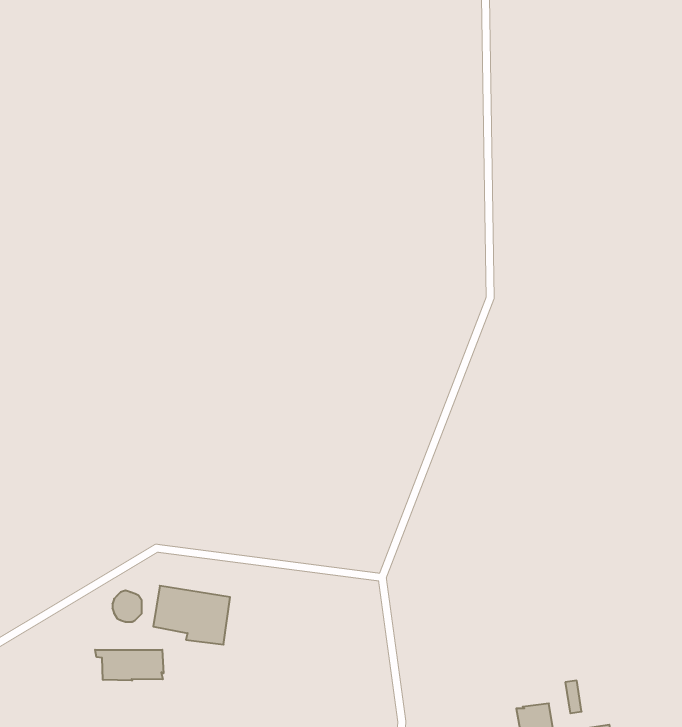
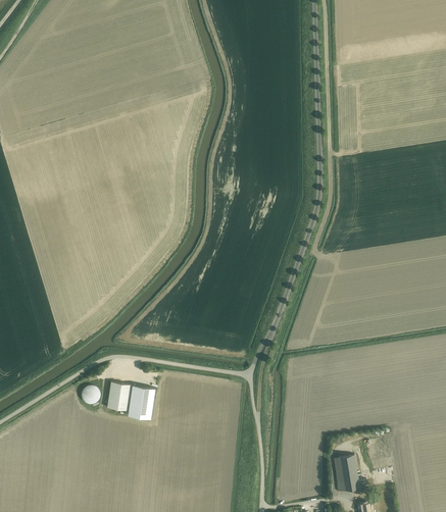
building: [95,650,163,681] -> none

